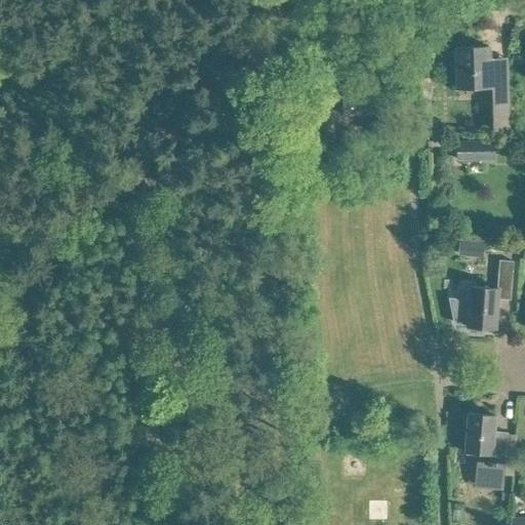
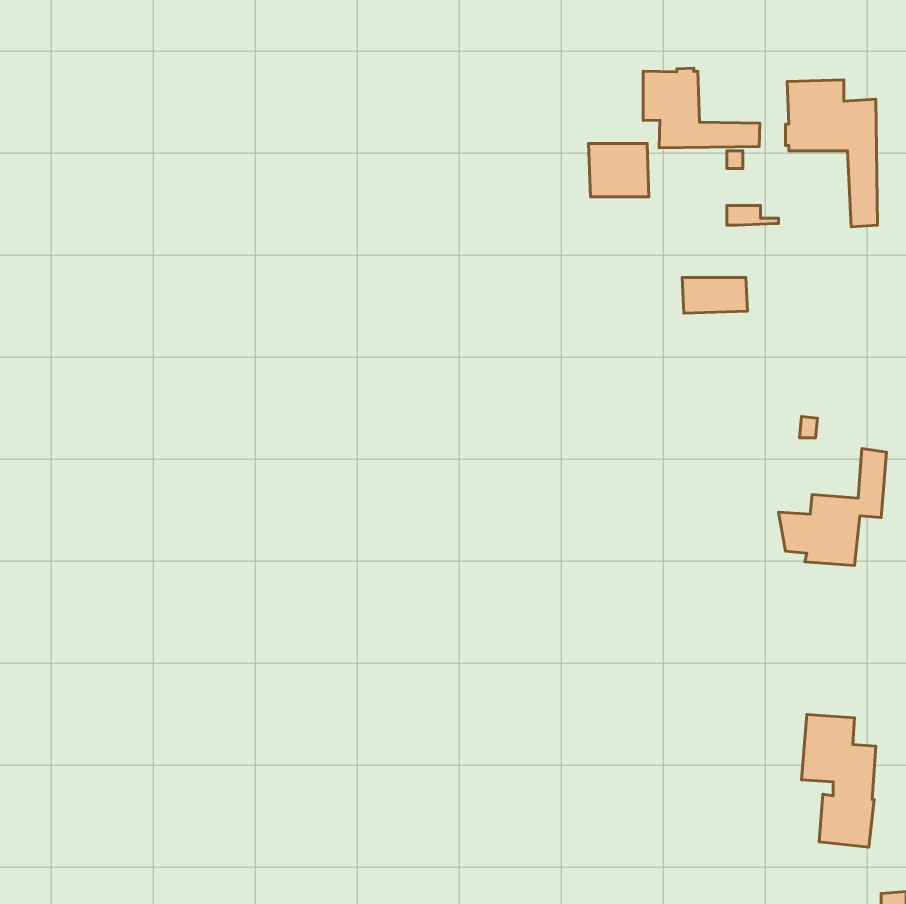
building: none -> [643,68,760,148]
building: [456,142,494,162] -> [682,278,748,313]

